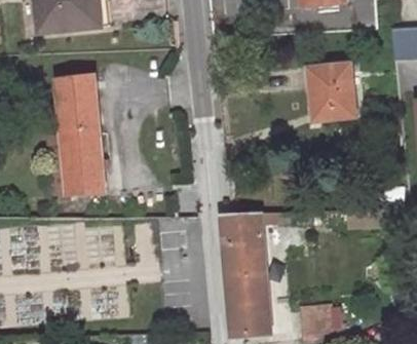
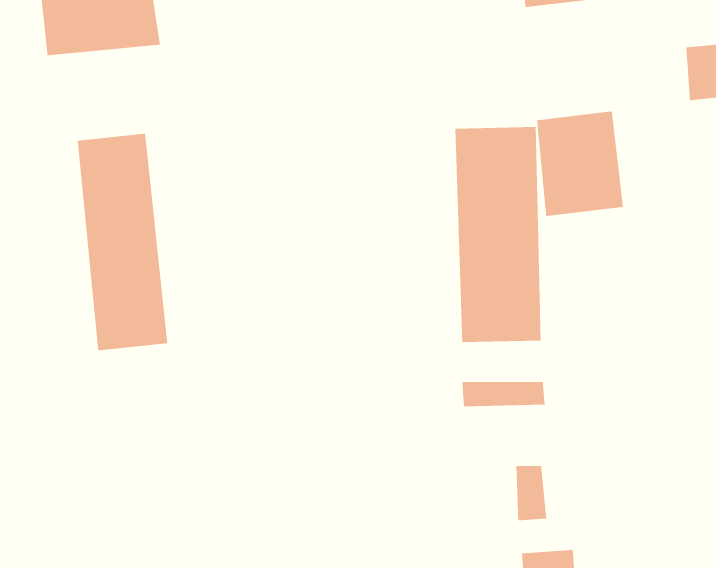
building: none -> [454,126,541,343]
building: [218,212,267,308] -> none

